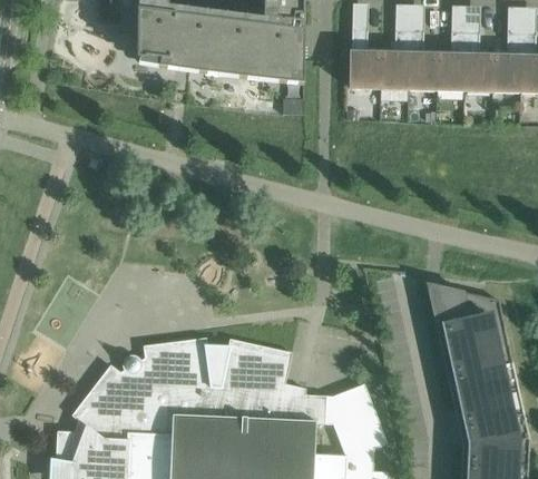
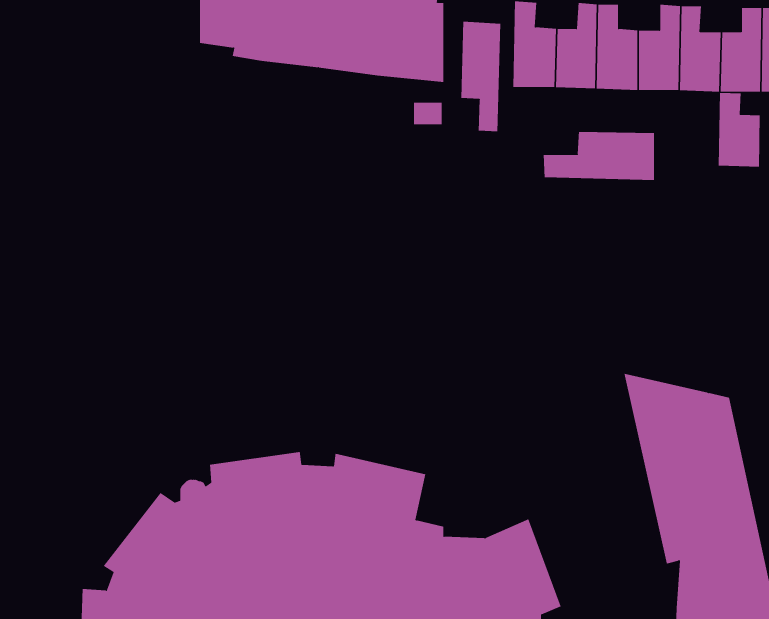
building: none -> [461,21,501,132]
building: none -> [718,92,760,168]
building: none -> [543,131,655,181]

